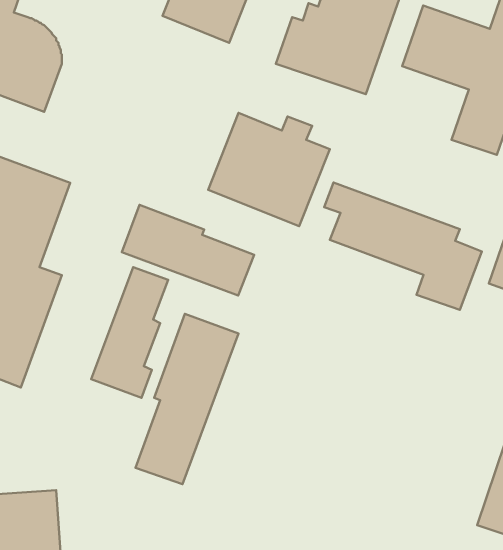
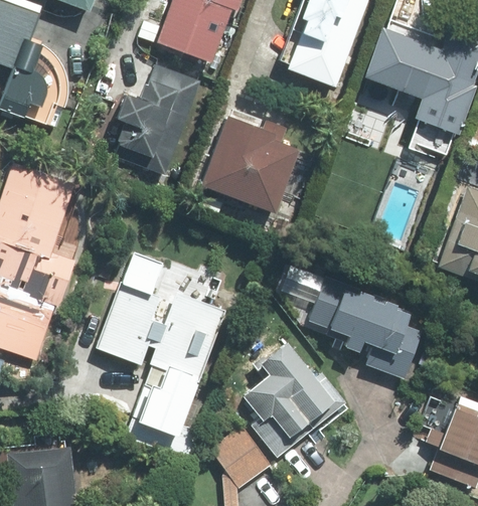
building: none -> [111,60,200,173]
building: [324,183,482,310] -> [289,270,425,379]
building: [122,205,254,295] -> none
building: none -> [237,333,348,457]
building: none -> [210,426,274,490]

